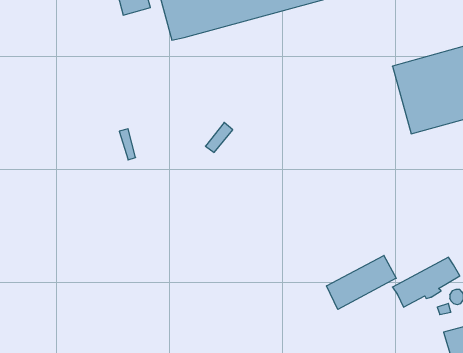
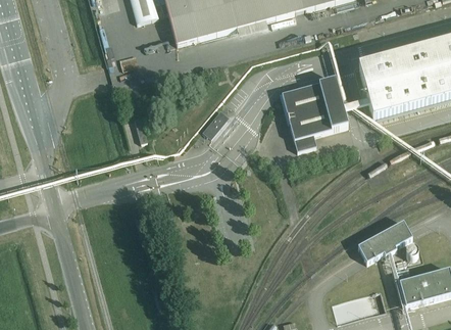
building: none -> [282,78,348,149]
building: [327,255,396,309] -> none

